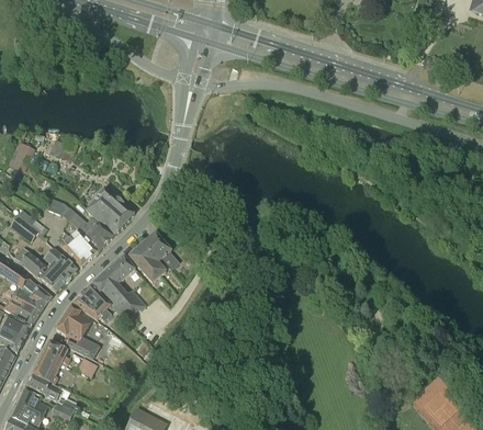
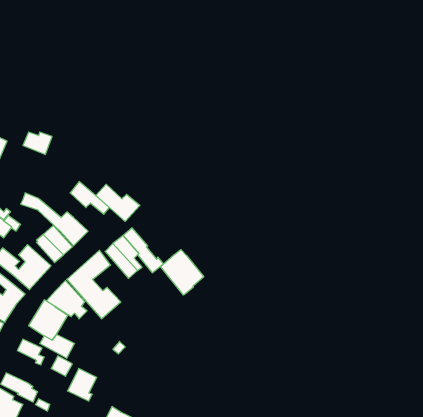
building: [86,197,128,234] -> [96,184,140,221]
building: none -> [160,250,204,295]
building: [33,351,61,383] -> [67,368,97,401]

